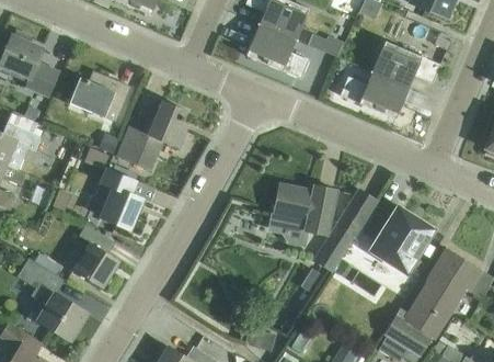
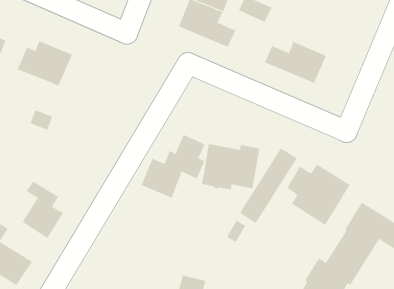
building: [369,41,439,89] -> none
building: [116,100,186,170] -> [141,134,205,198]
building: [95,169,141,229] -> none

